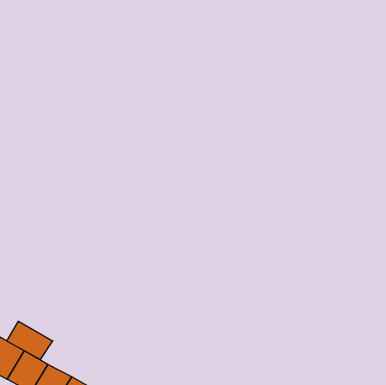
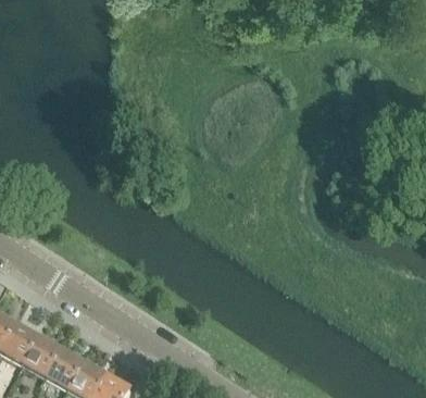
building: [7,321,53,360] -> none

